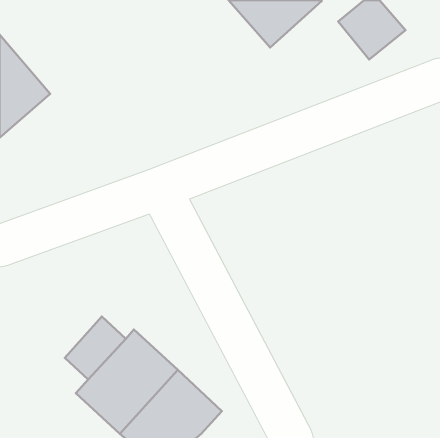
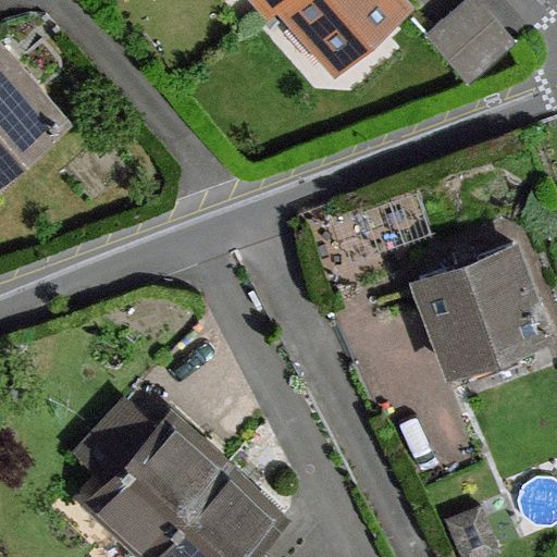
building: none -> [423,249,547,373]

